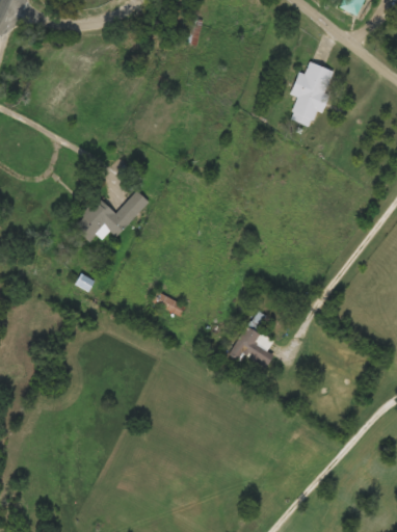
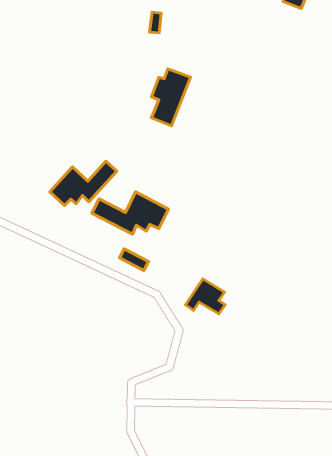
building: [290,61,335,127] -> [152,69,190,126]
building: none -> [92,192,169,234]

